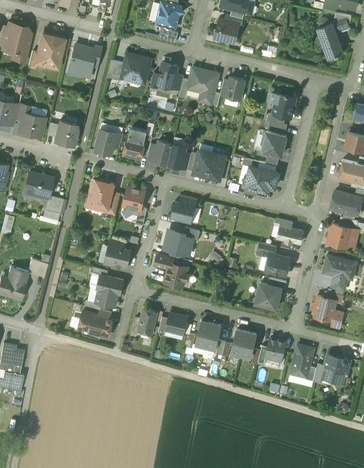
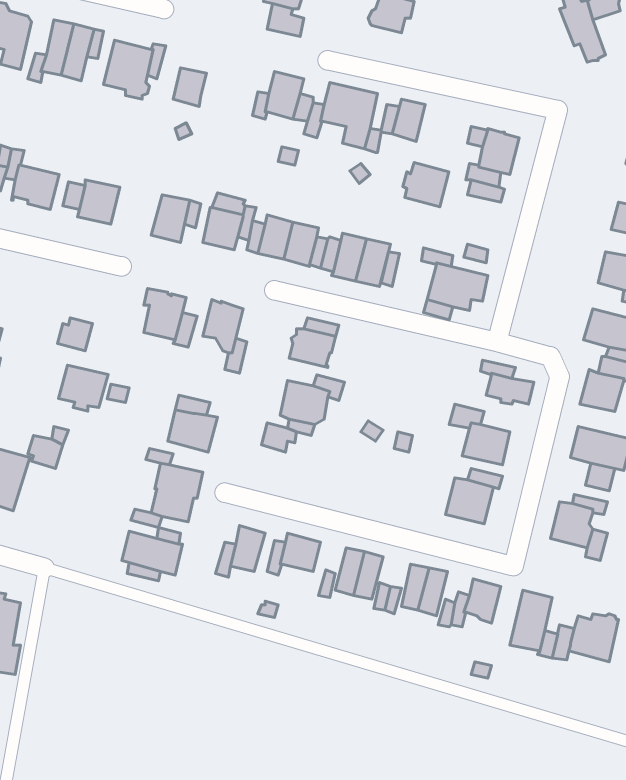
building: [122,54,150,83] -> none
building: [261,132,286,156] -> [403,163,449,207]
building: [26,173,53,198] -> [58,365,108,411]
building: [165,263,188,286] -> none

